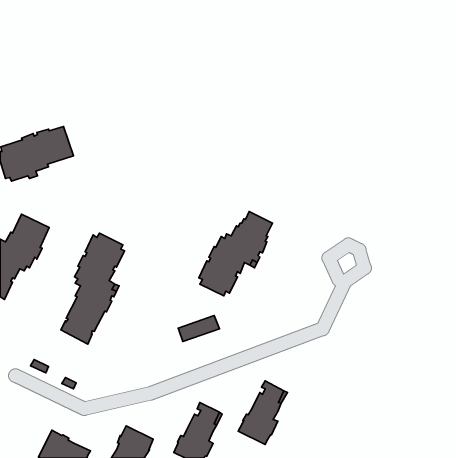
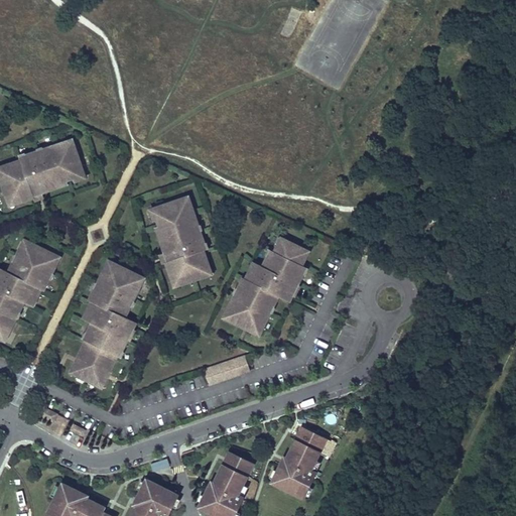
building: none -> [152,198,209,285]

